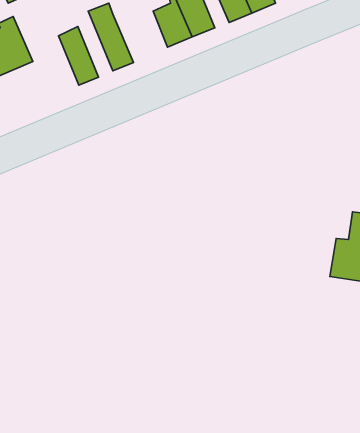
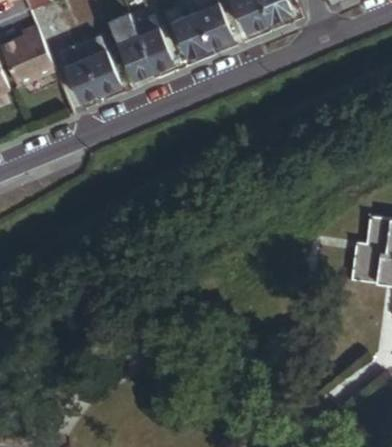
building: none -> [136,18,175,73]
building: none -> [64,47,103,104]

